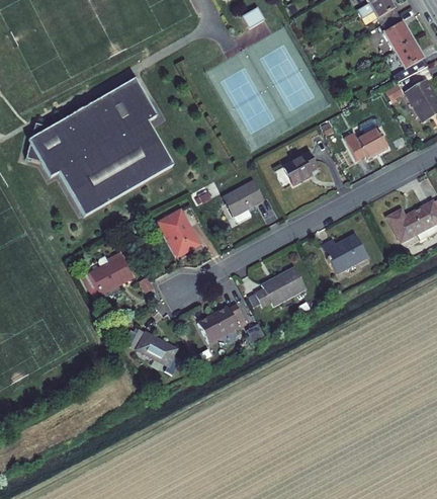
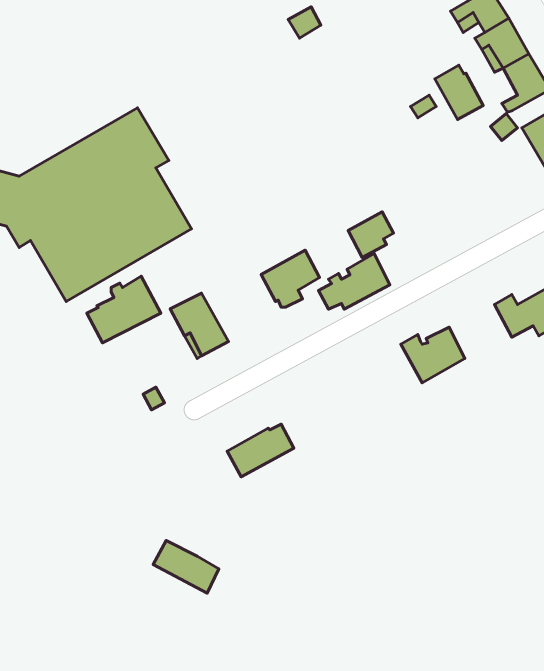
building: none -> [435,65,483,119]
building: [344,127,388,160] -> none
building: [82,250,135,298] -> [87,276,161,343]
building: [255,266,305,306] -> [319,254,390,309]
building: [129,328,176,365] -> [153,540,219,593]

